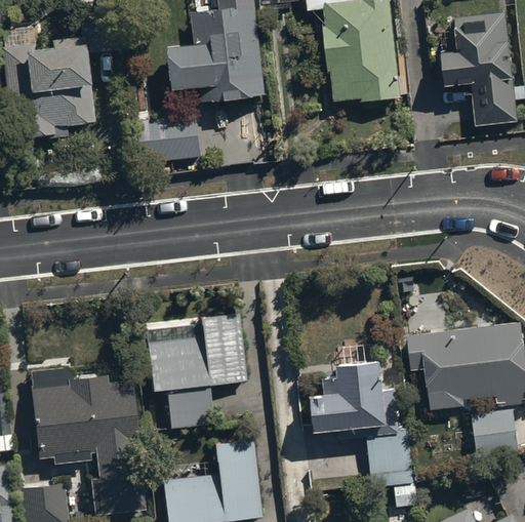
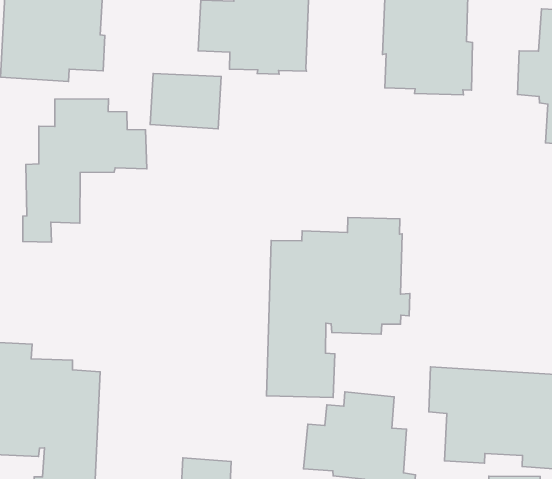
building: none -> [23,99,147,242]
building: none -> [267,218,410,398]
building: [146,311,246,427] -> none

